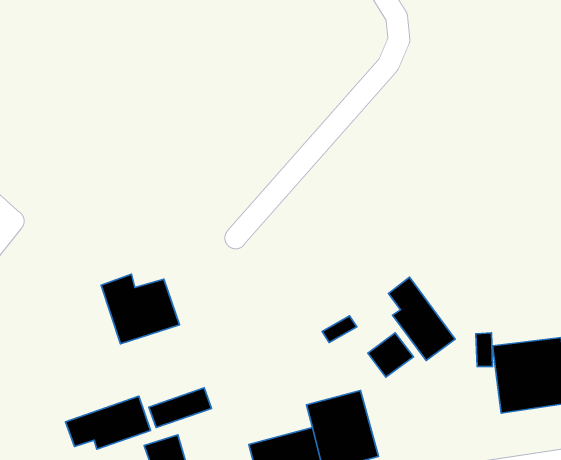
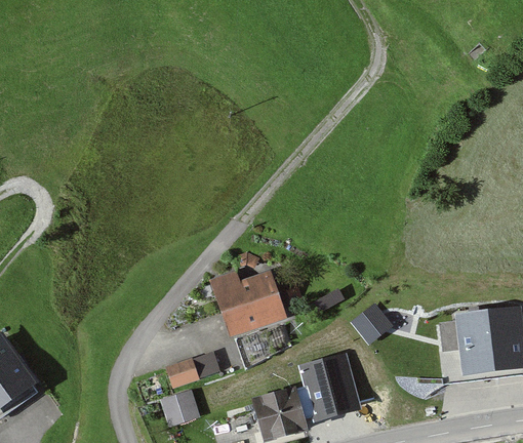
building: [101,274,179,344] -> [211,272,278,331]
building: [388,277,455,361] -> none
building: [65,396,151,449] -> none

